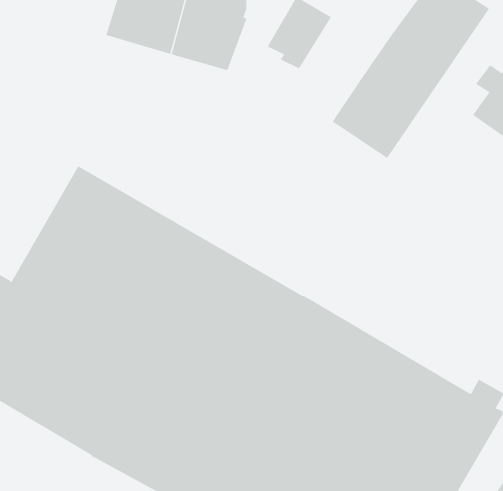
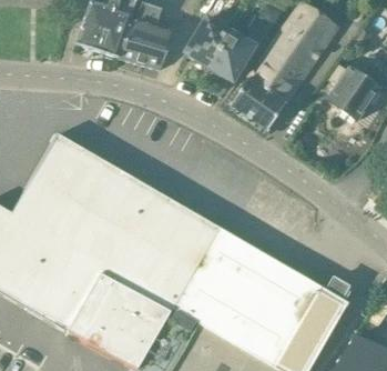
building: none -> [210,32,254,80]

